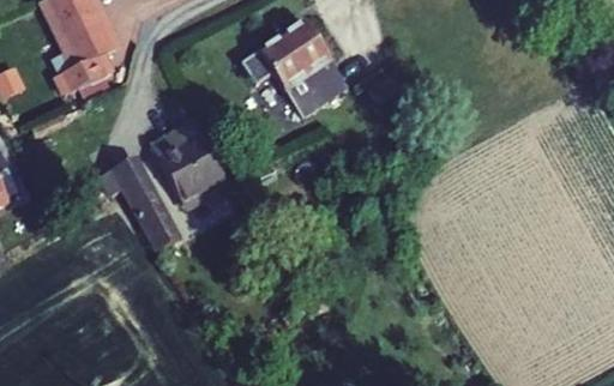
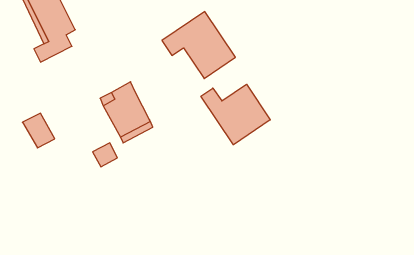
building: none -> [201,84,270,145]
building: [120,173,167,223] -> [22,113,55,148]

